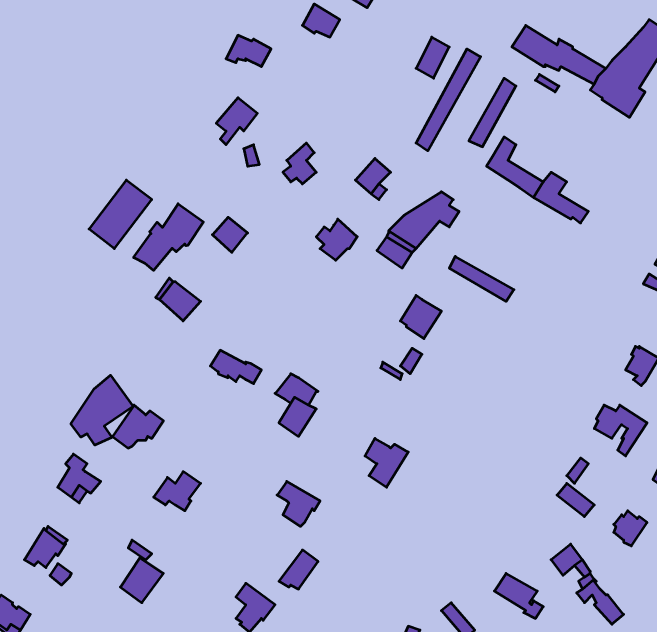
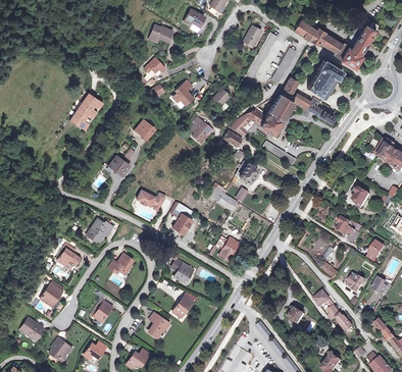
building: none -> [307,60,342,100]
building: none -> [260,95,293,136]
building: [134,204,203,270] -> none
building: [71,375,133,445] -> none

